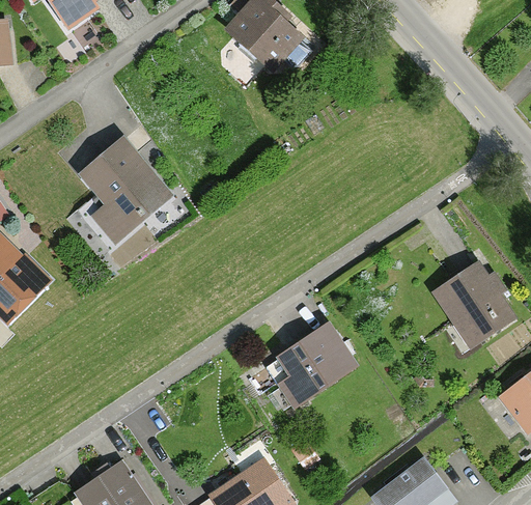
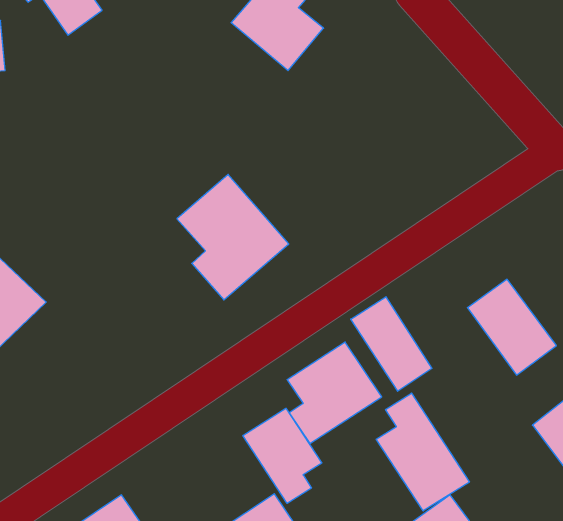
building: [73,130,174,244] -> [177,174,289,300]
building: none -> [351,297,432,391]
building: none -> [376,393,469,511]
building: none -> [243,408,322,503]

